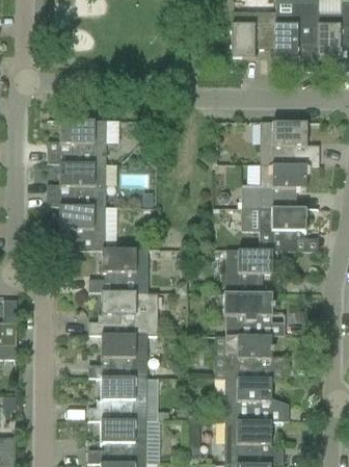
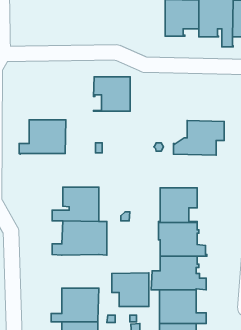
building: [59,120,106,163] -> [93,77,130,111]
building: [260,122,319,165] -> none
building: [46,206,105,249] -> none
building: [241,207,306,251] -> none
building: [101,334,147,377] -> [112,273,149,306]

